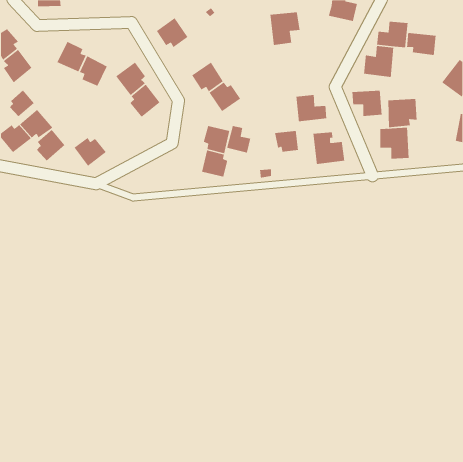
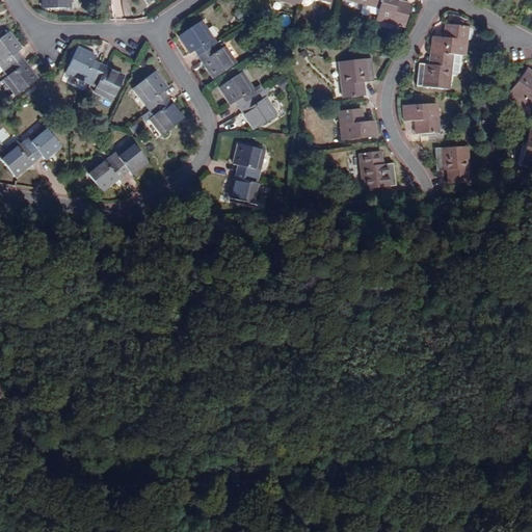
building: [270,12,300,46] -> [339,58,374,98]
building: [406,32,436,56] -> none
building: none -> [198,43,236,78]
building: [9,90,35,117] -> none
building: [387,98,418,128] -> none
building: none -> [109,140,148,175]
building: [226,125,251,153] -> none
building: [36,129,66,161] -> none
building: [274,130,299,152] -> none

